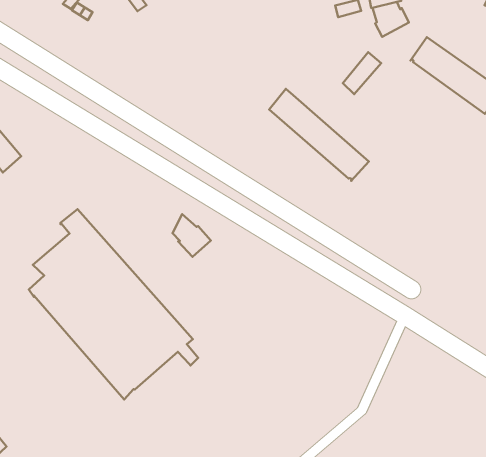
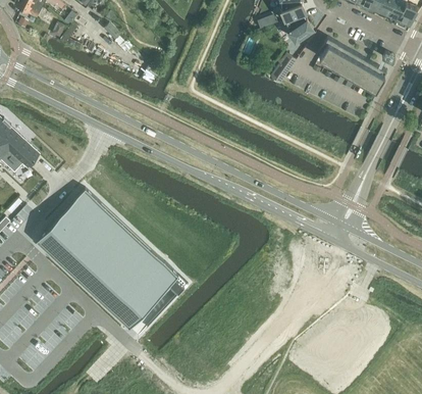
building: [269,89,369,181] -> none
building: [173,214,211,257] -> none

